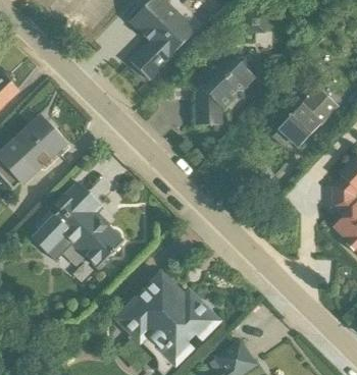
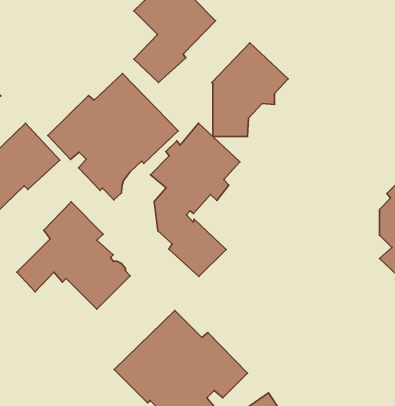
building: none -> [48,73,178,200]
building: [276,87,339,148] -> none
building: none -> [151,123,240,277]

